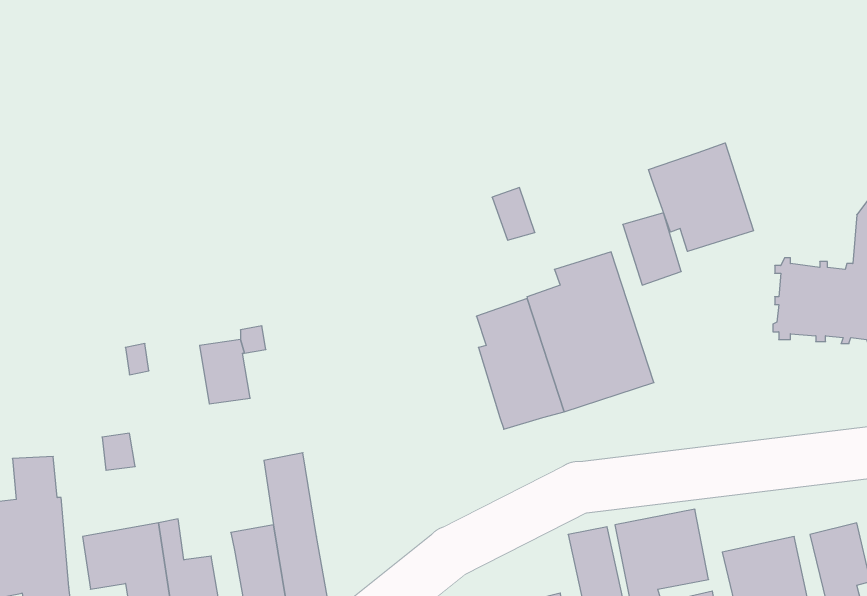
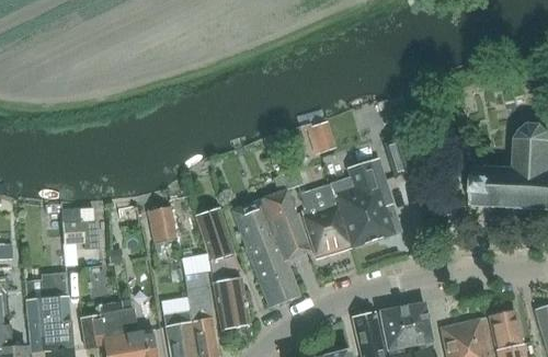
building: [648,143,754,251] -> none
building: none -> [231,188,310,306]
building: none -> [196,207,235,260]
building: none -> [59,208,98,244]
building: none -> [210,266,250,330]

